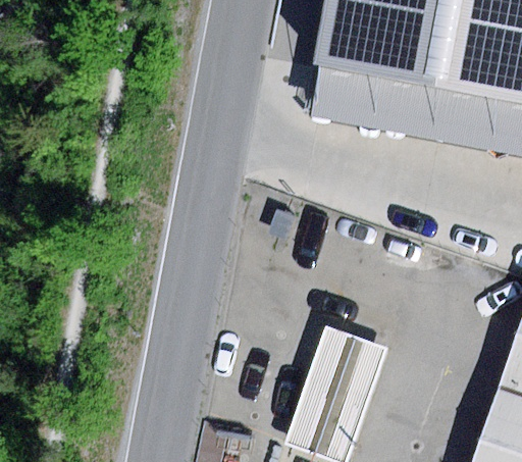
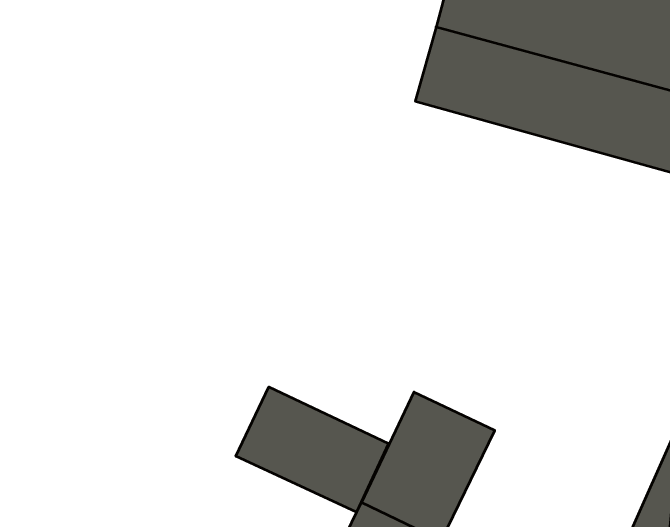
building: none -> [236,387,388,512]

